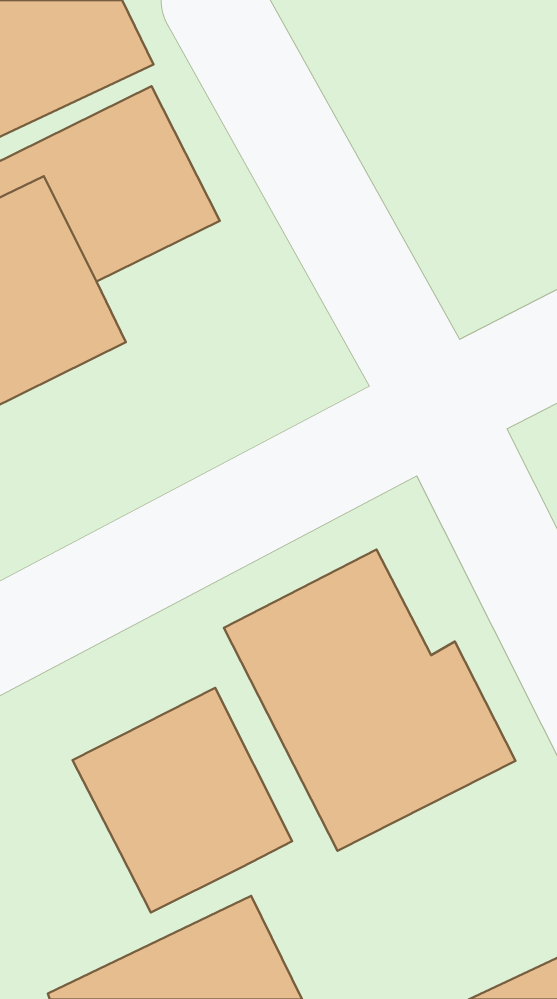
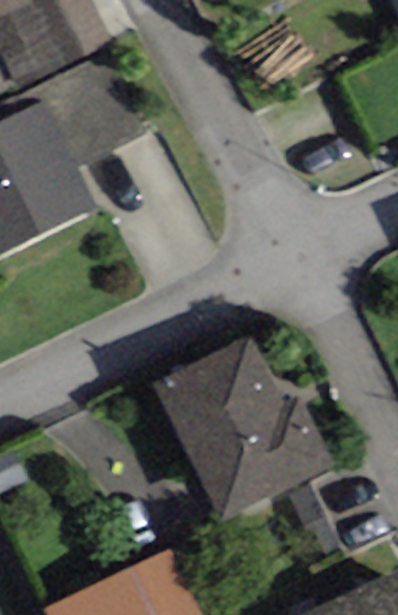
building: [73,688,292,912] -> none

